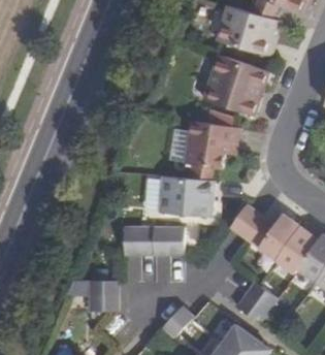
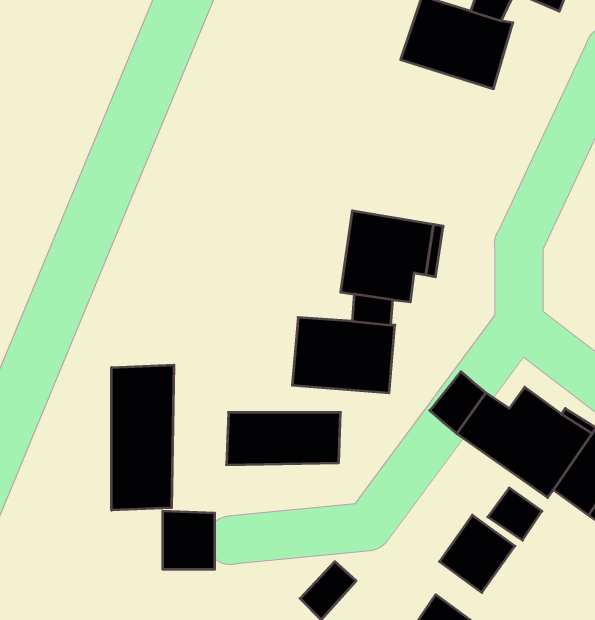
building: [202,53,267,115] -> none
building: none -> [112,365,174,510]

